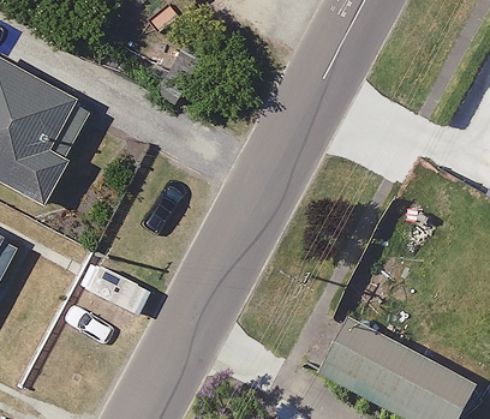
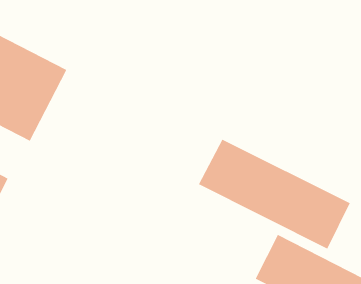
building: none -> [198,139,351,250]

